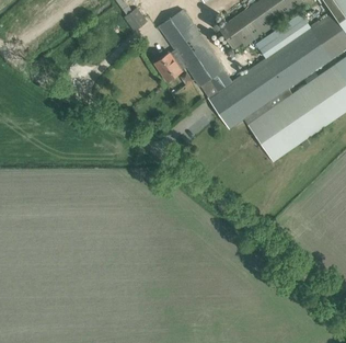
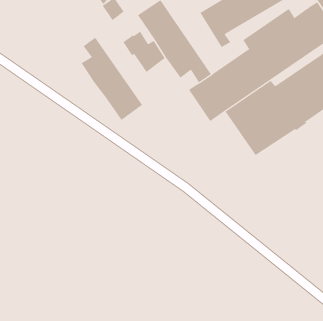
building: none -> [81,37,143,121]

